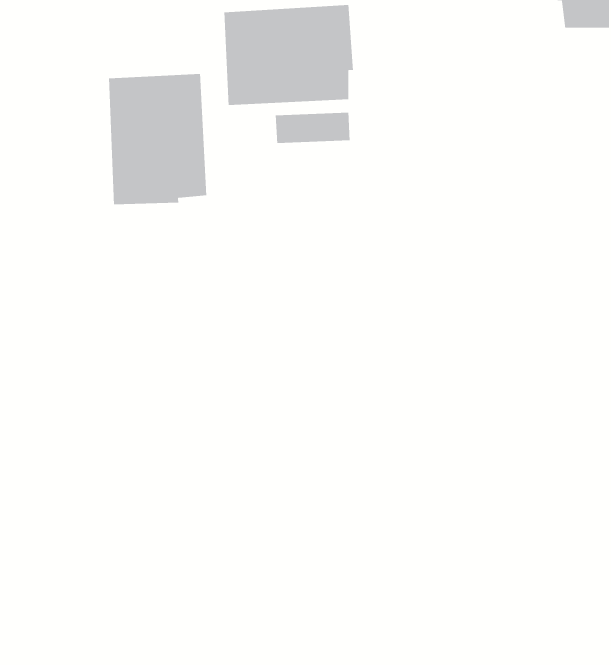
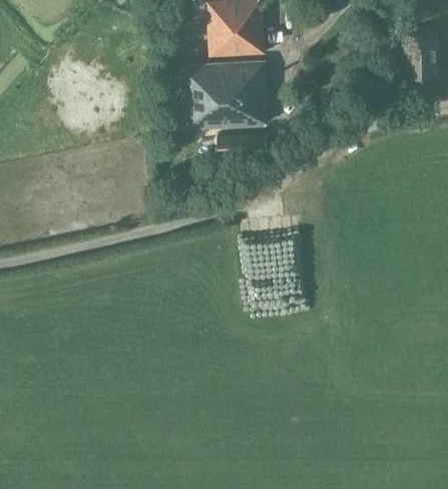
building: [108,73,207,205] -> none

